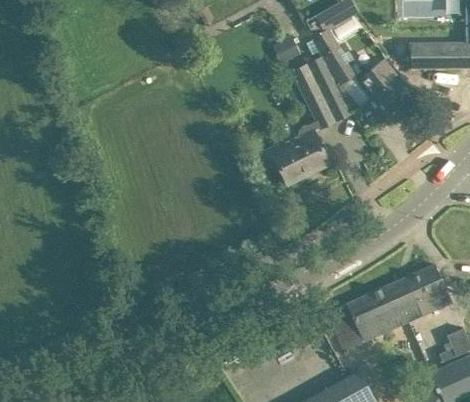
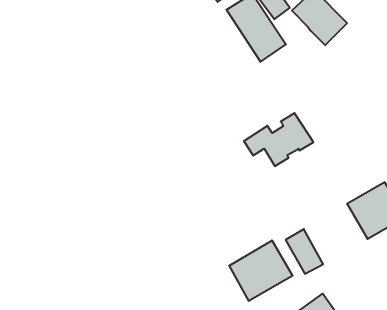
building: [259,131,330,183] -> [244,113,313,166]
building: [347,282,411,341] -> [229,241,293,301]

